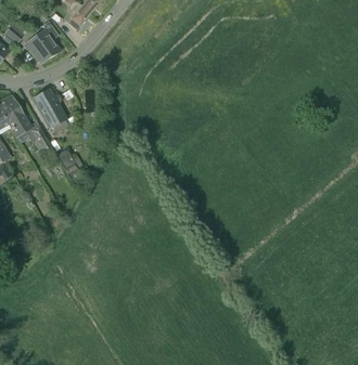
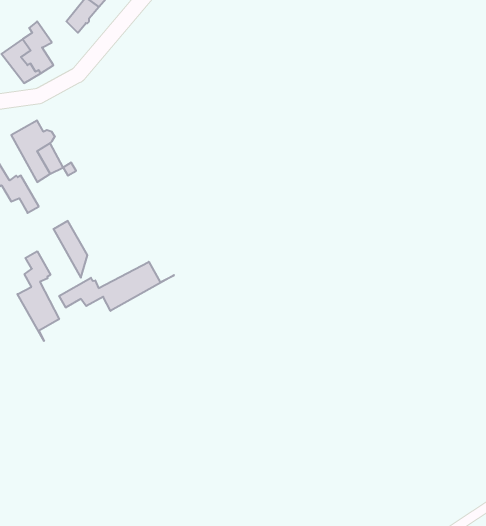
building: none -> [17,251,59,341]
building: none -> [59,262,174,311]

